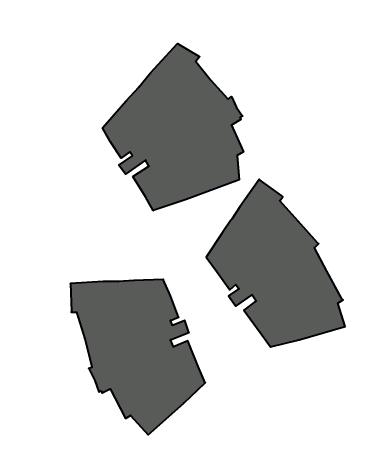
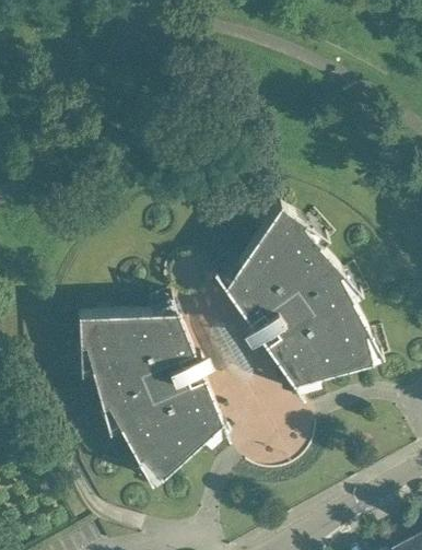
building: [103,44,243,211] -> none

